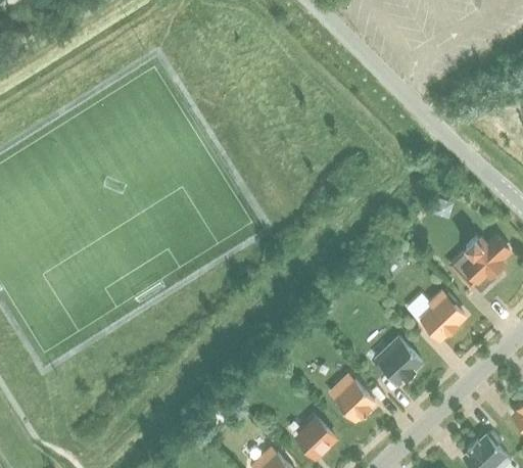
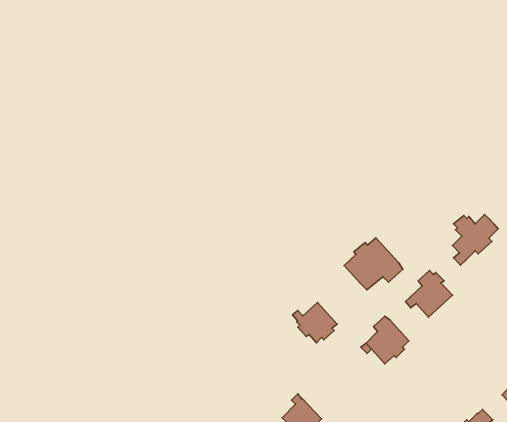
building: none -> [344,238,403,290]
building: [329,380,373,420] -> [293,302,337,343]

